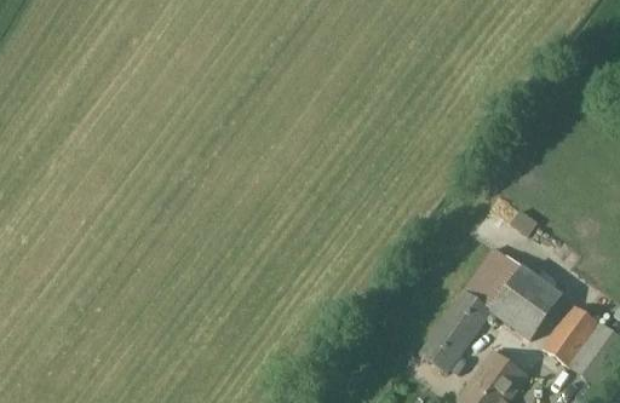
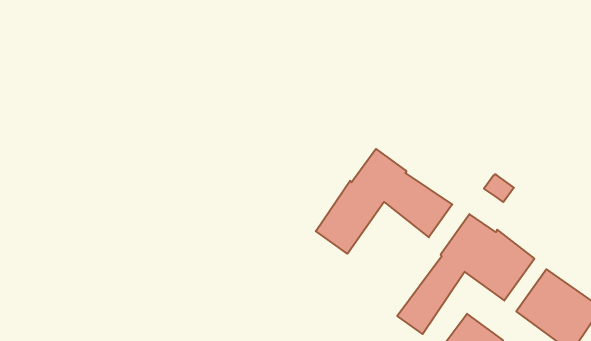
building: none -> [316,149,452,254]

